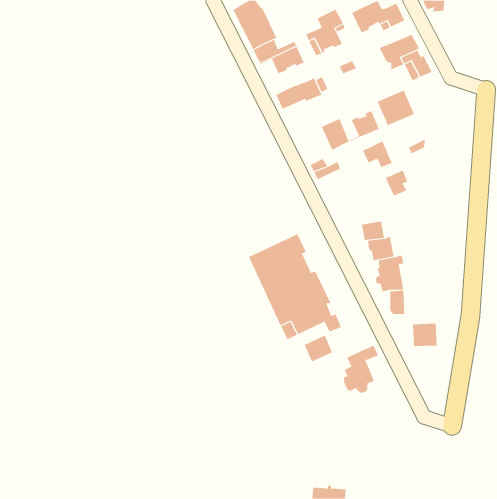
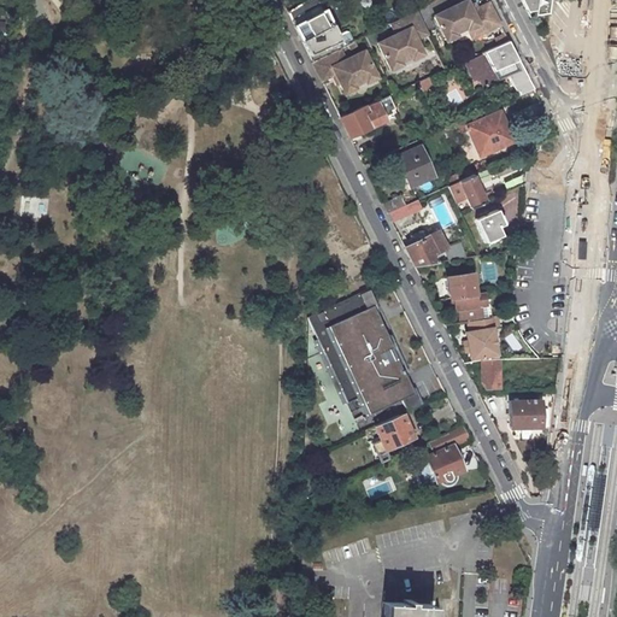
building: [349,110,380,141] -> none
building: none -> [406,230,448,266]

